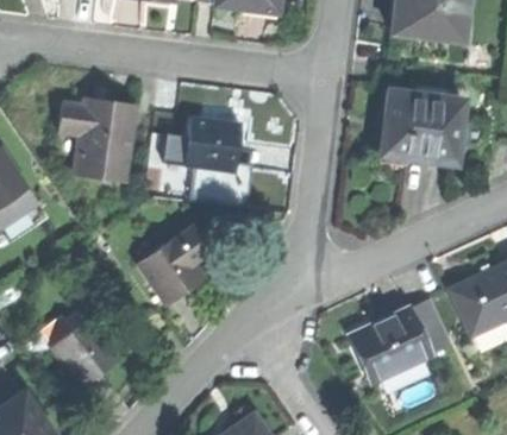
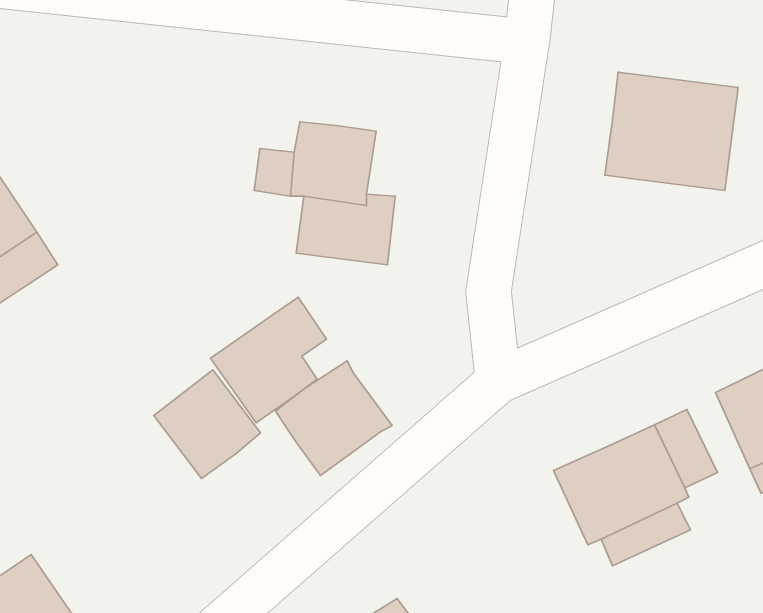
building: [58,99,136,183] -> none
building: none -> [276,361,392,476]
building: [51,317,118,385] -> [154,370,261,479]

